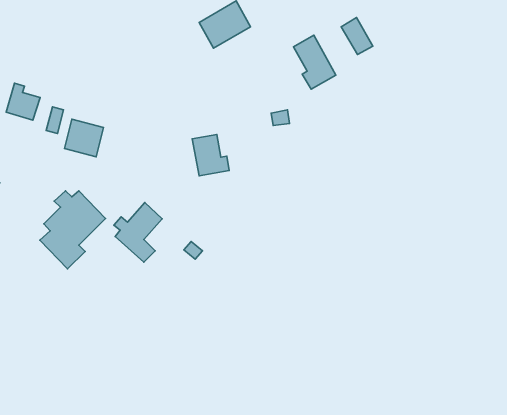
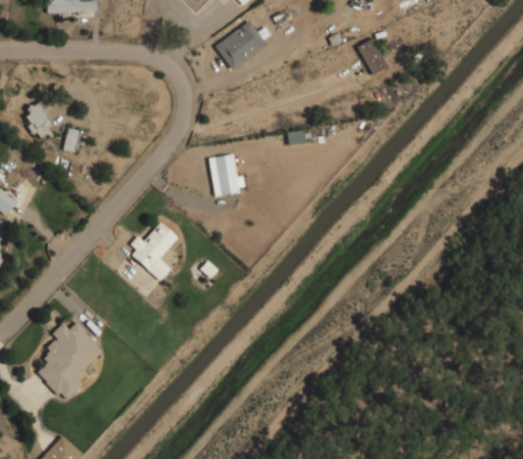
building: [294,35,336,89] -> none
building: [65,119,104,157] -> none
building: [40,191,106,269] -> [37,322,102,400]

